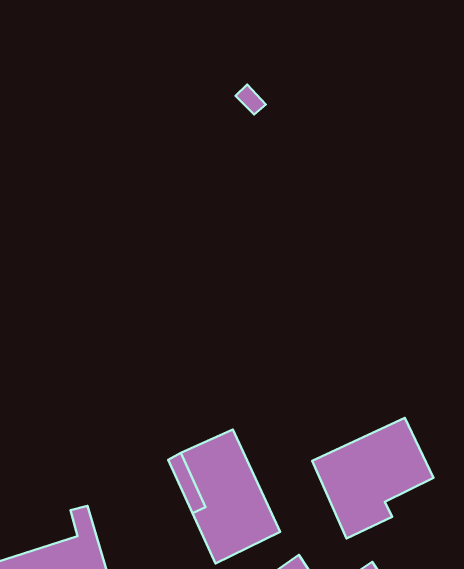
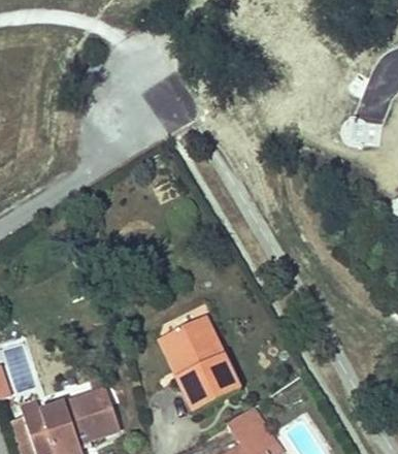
building: [312,418,434,538] -> none

